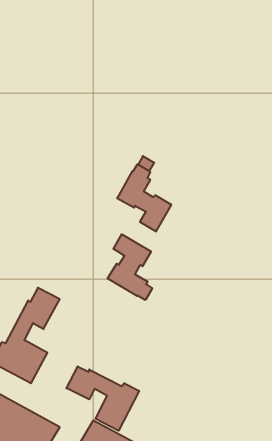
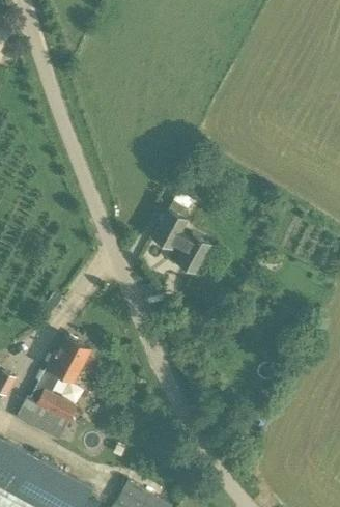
building: [108,234,152,300] -> none
building: [66,366,139,431] -> none

